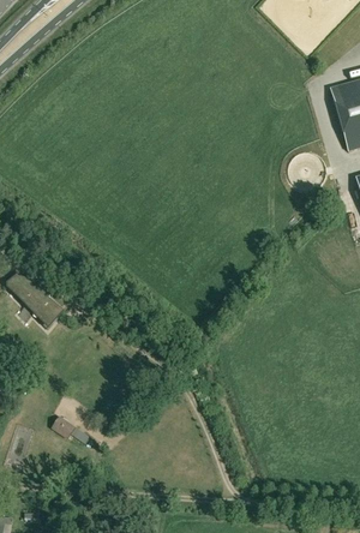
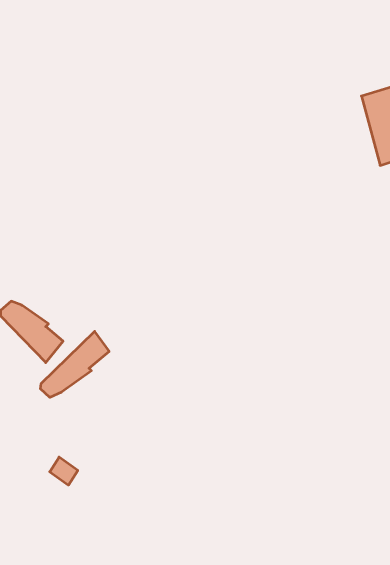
building: none -> [40,331,109,397]

